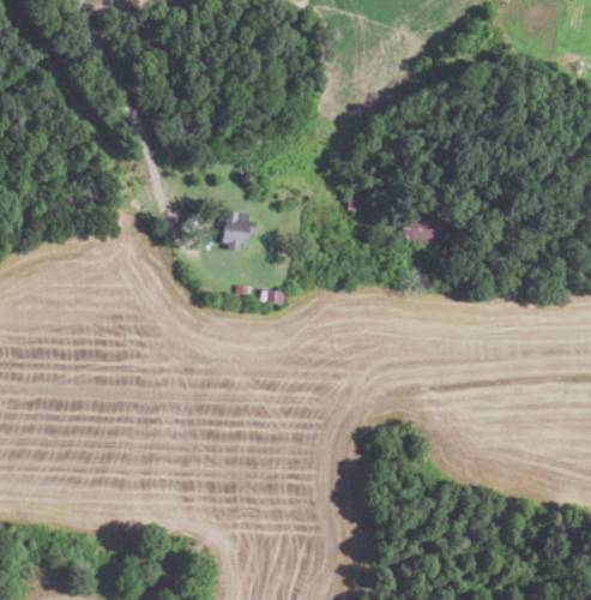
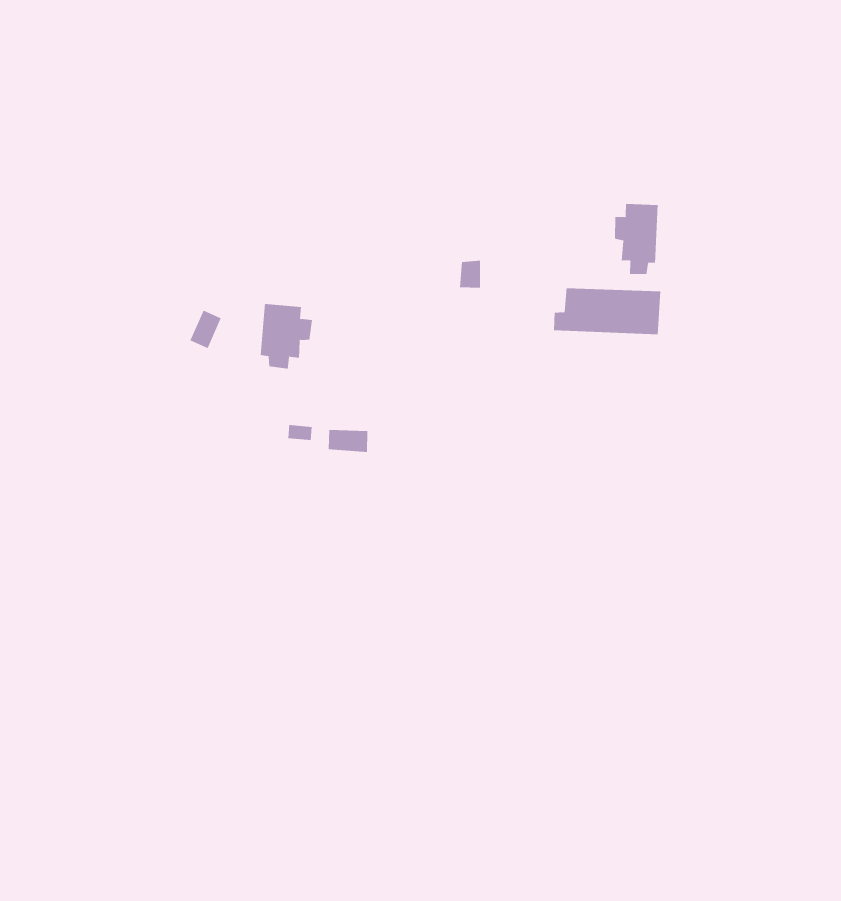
building: none -> [615,203,658,275]

